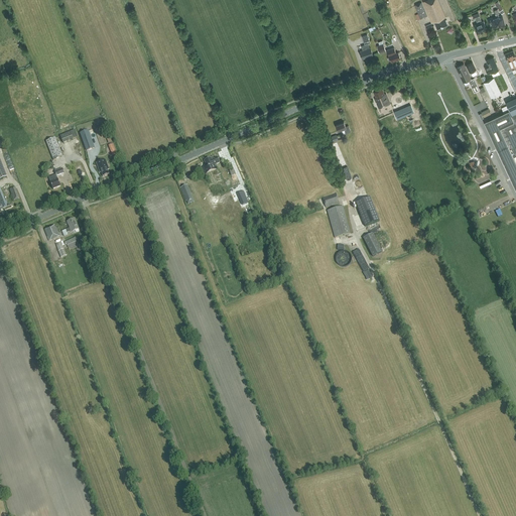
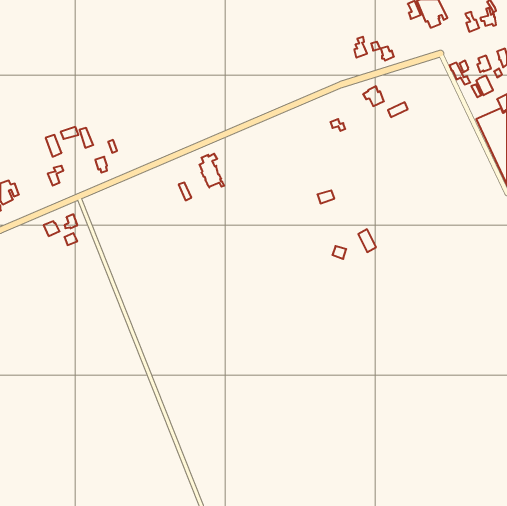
building: [356,197,380,226] -> none
building: [328,206,351,237] -> none

